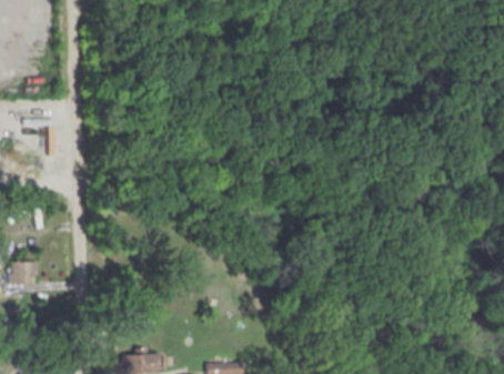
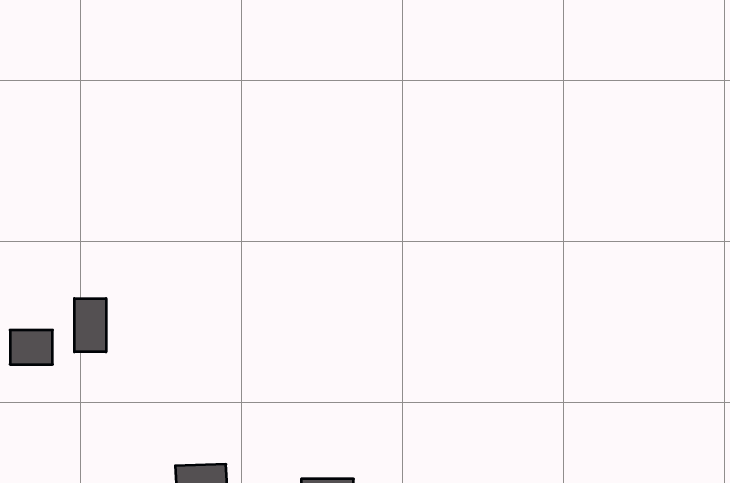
building: none -> [74,298,106,352]

